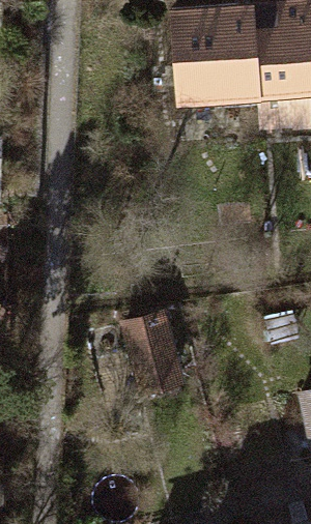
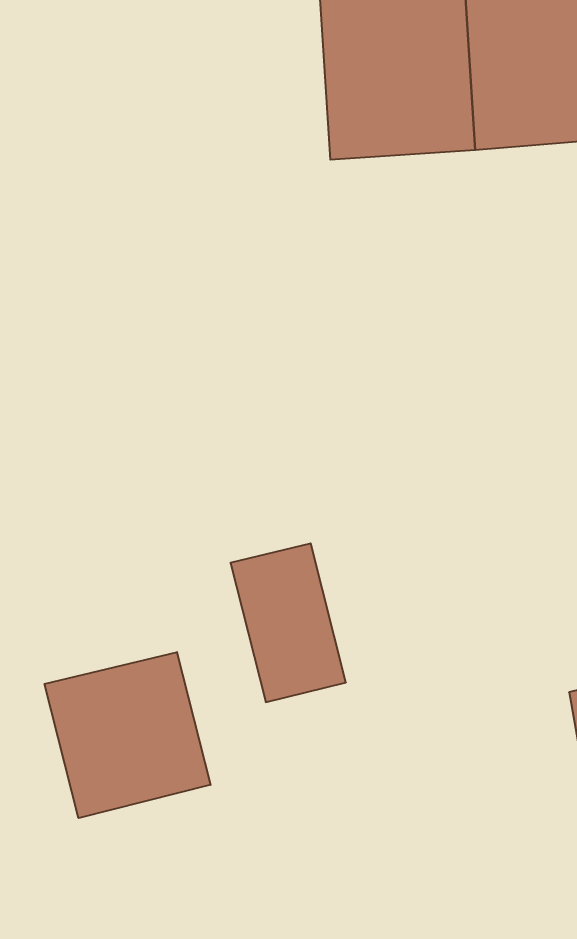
building: none -> [44,652,211,818]

